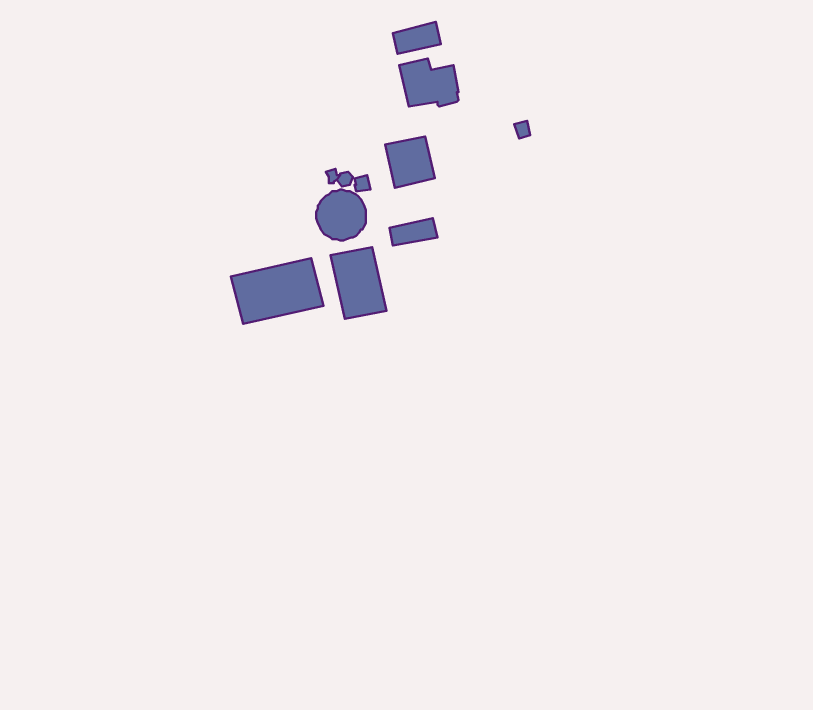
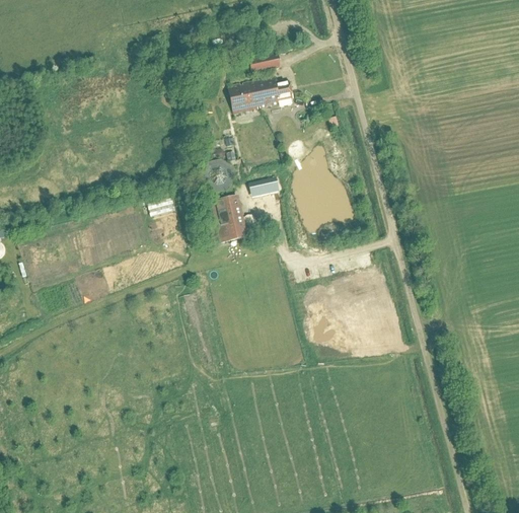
building: [385,137,435,188] -> [229,80,261,113]
building: [231,258,324,324] -> none

